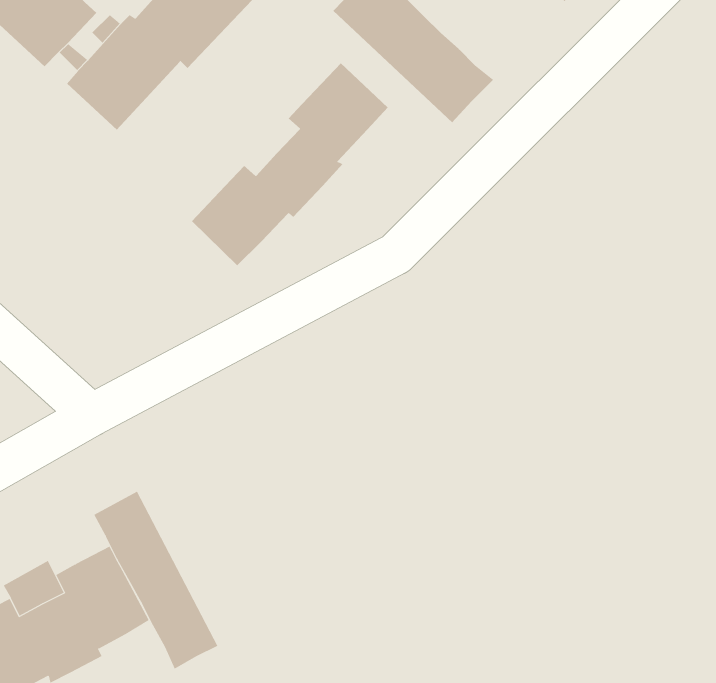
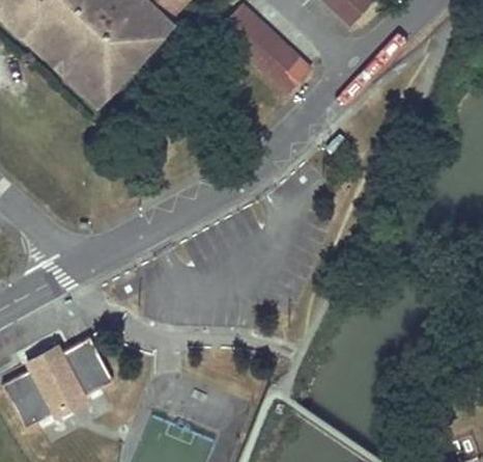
building: [191,63,389,266] -> none
building: [93,491,218,670] -> none

